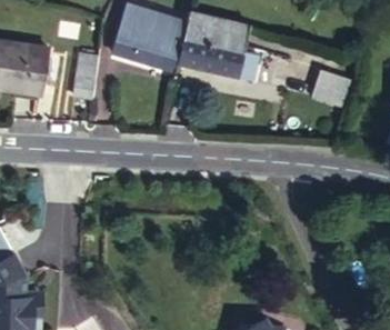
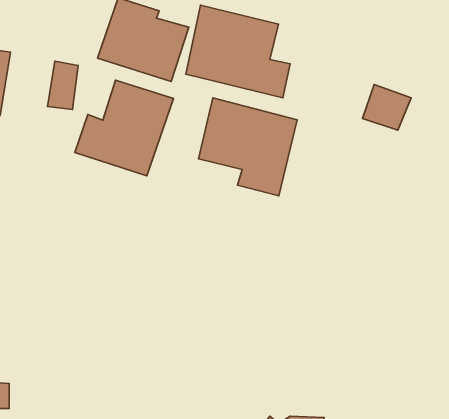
building: none -> [75,80,173,176]
building: none -> [198,98,297,196]

